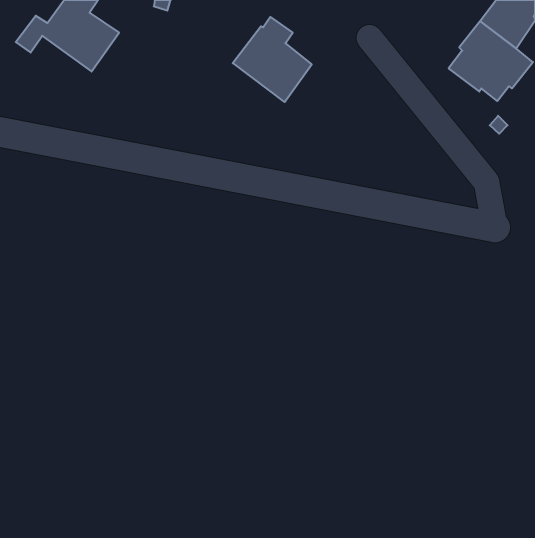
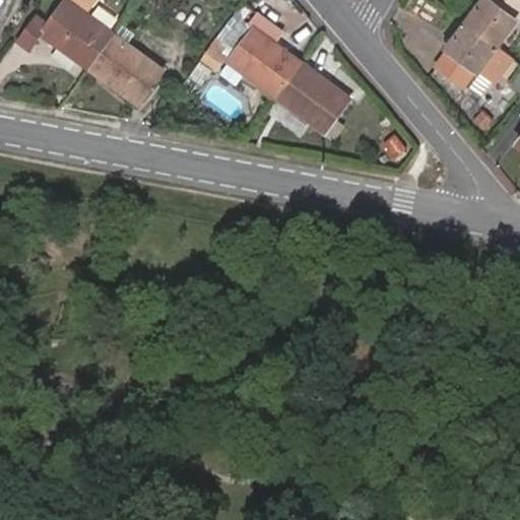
building: none -> [88,31,164,105]
building: none -> [274,62,350,134]

